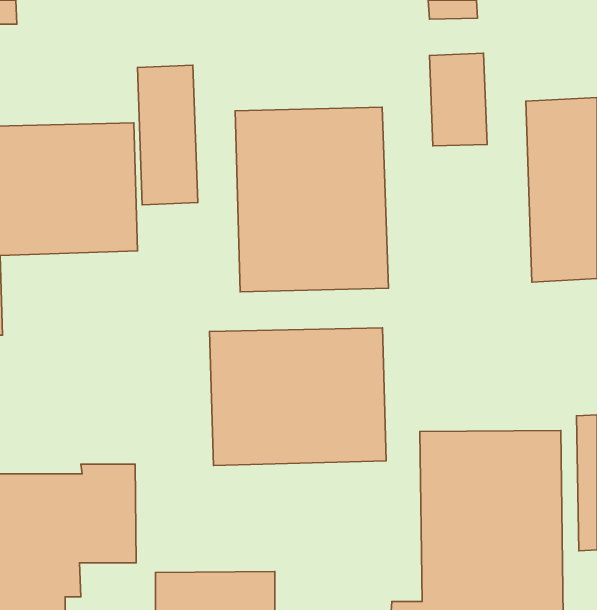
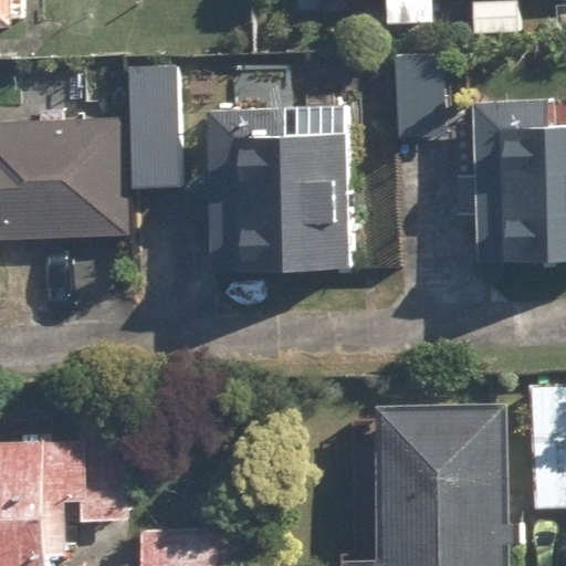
building: [209,328,386,466] -> none

